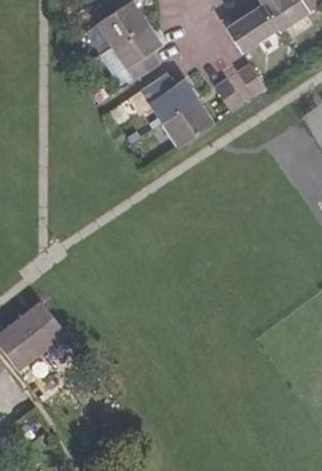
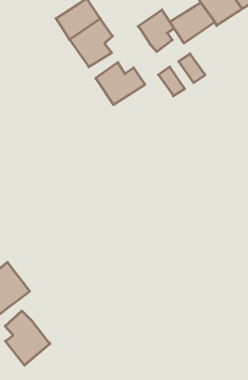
building: none -> [138,10,174,52]
building: [160,99,212,147] -> none
building: none -> [5,311,50,365]

